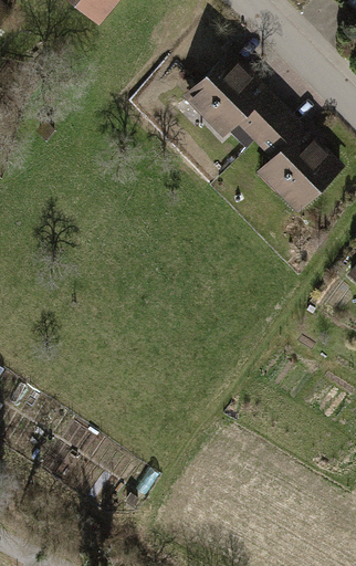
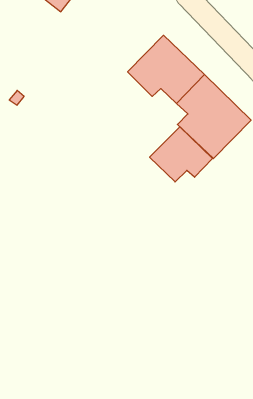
building: none -> [150,127,213,182]

